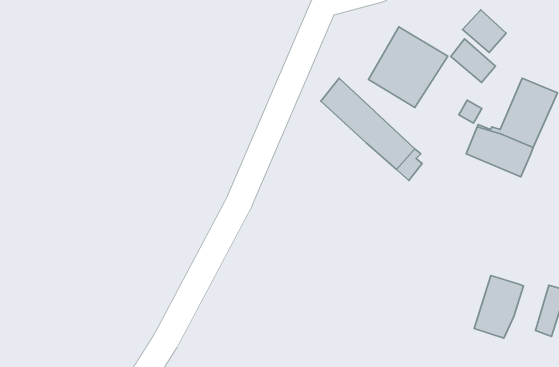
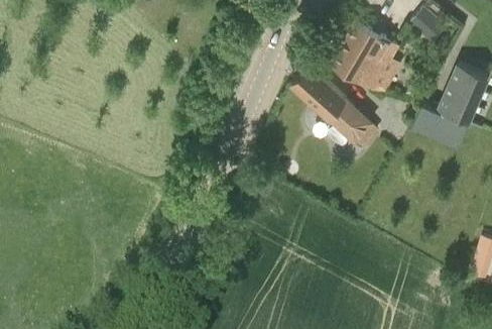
building: [451,39,496,82] -> none
building: [474,275,524,338] -> none

